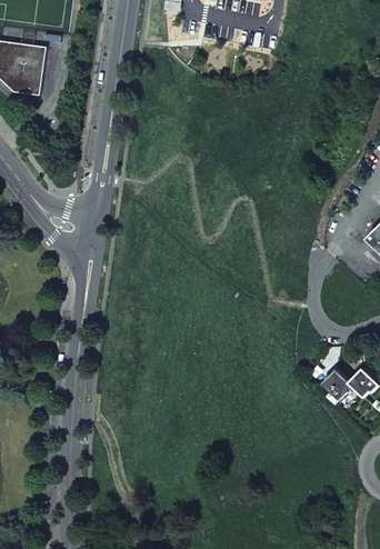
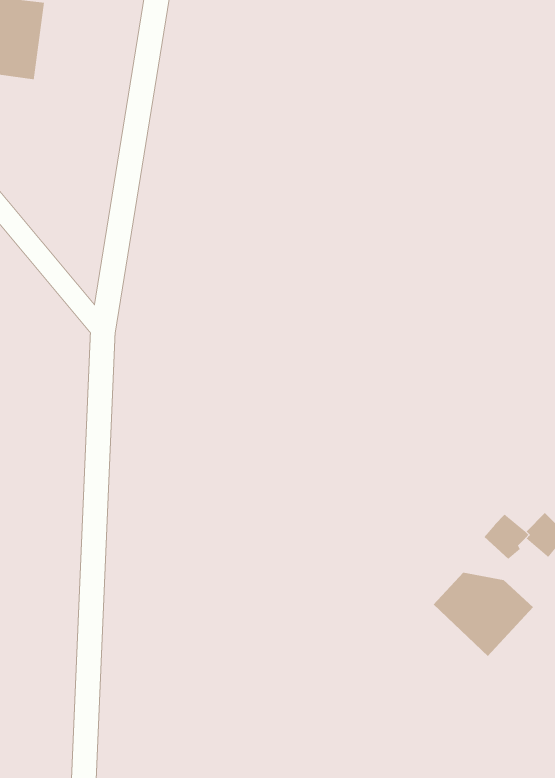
building: none -> [433,572,534,657]

